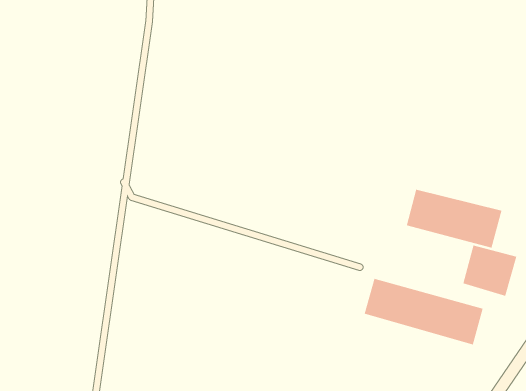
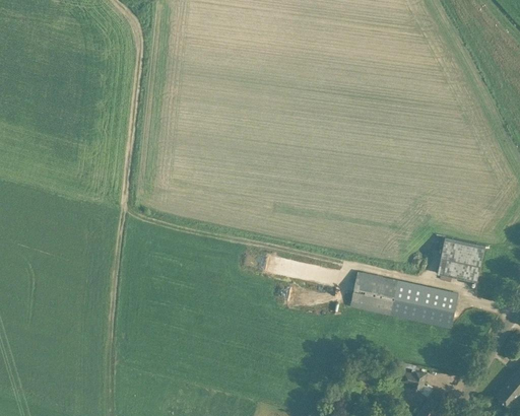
building: [406,189,502,248] -> none

